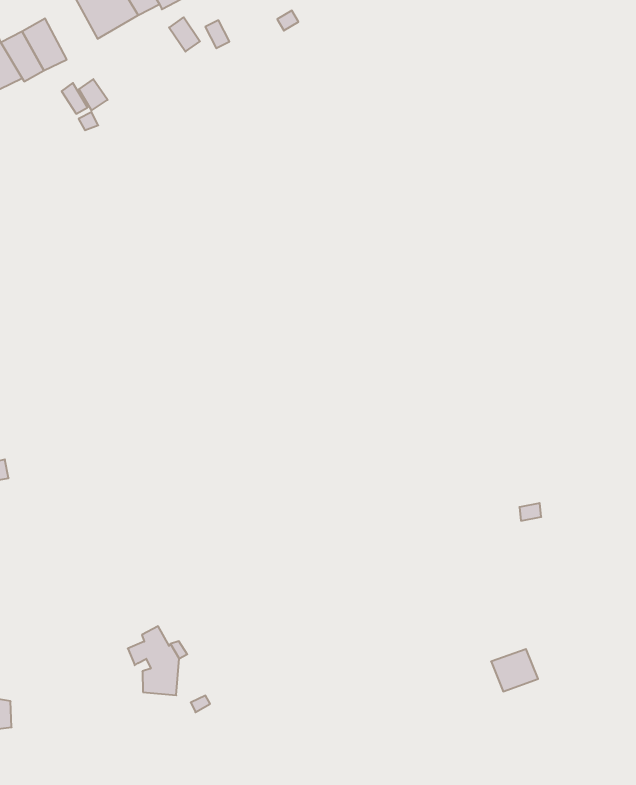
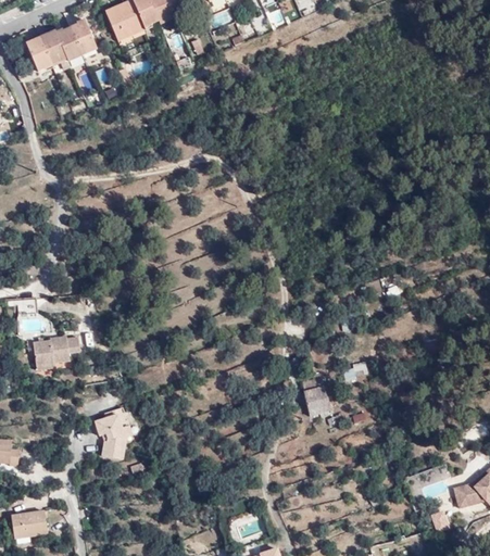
building: none -> [32,334,67,363]
building: [491,649,538,691] -> [304,390,332,415]

